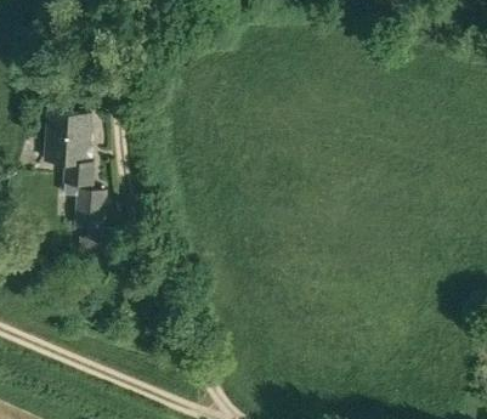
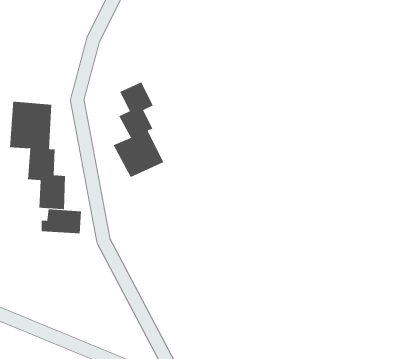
building: none -> [113,81,164,178]

